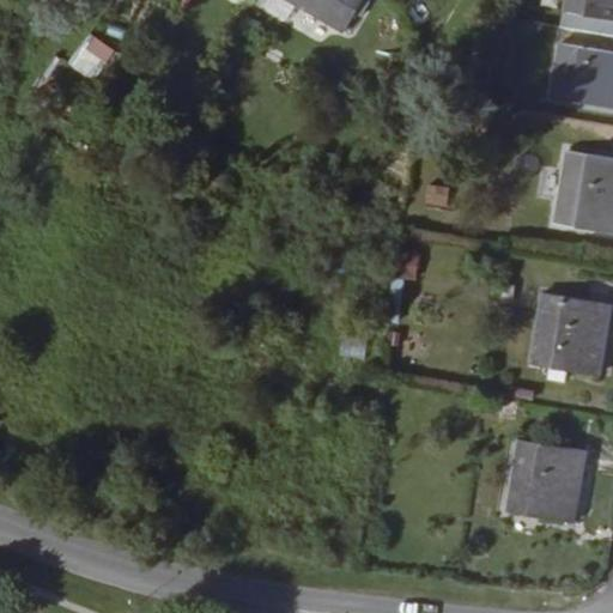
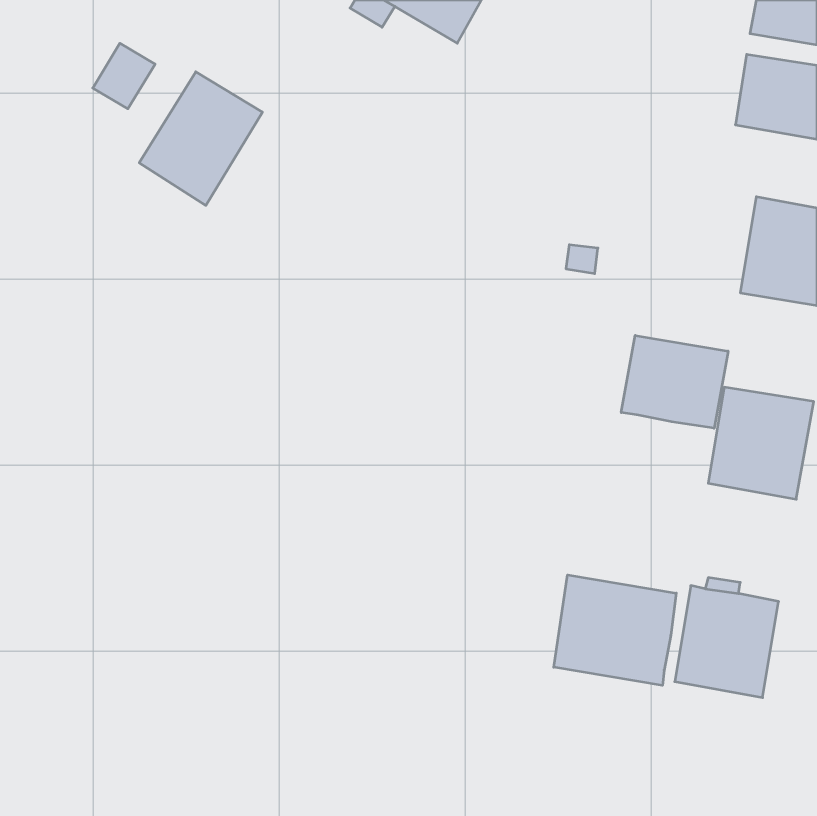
building: none -> [139,72,262,205]
building: none -> [621,335,728,428]
building: none -> [554,575,676,685]

